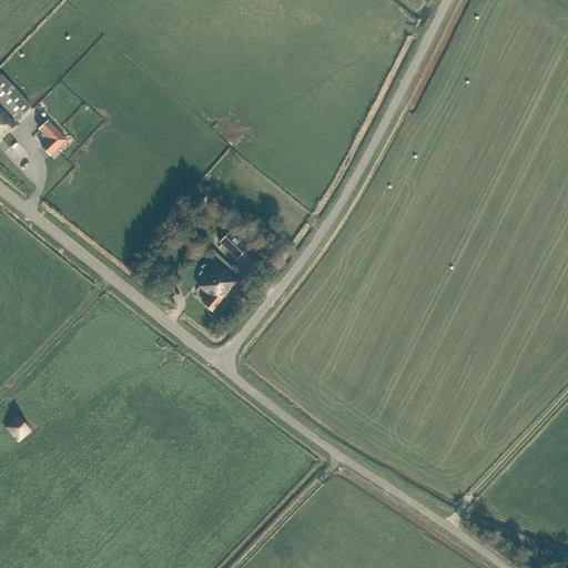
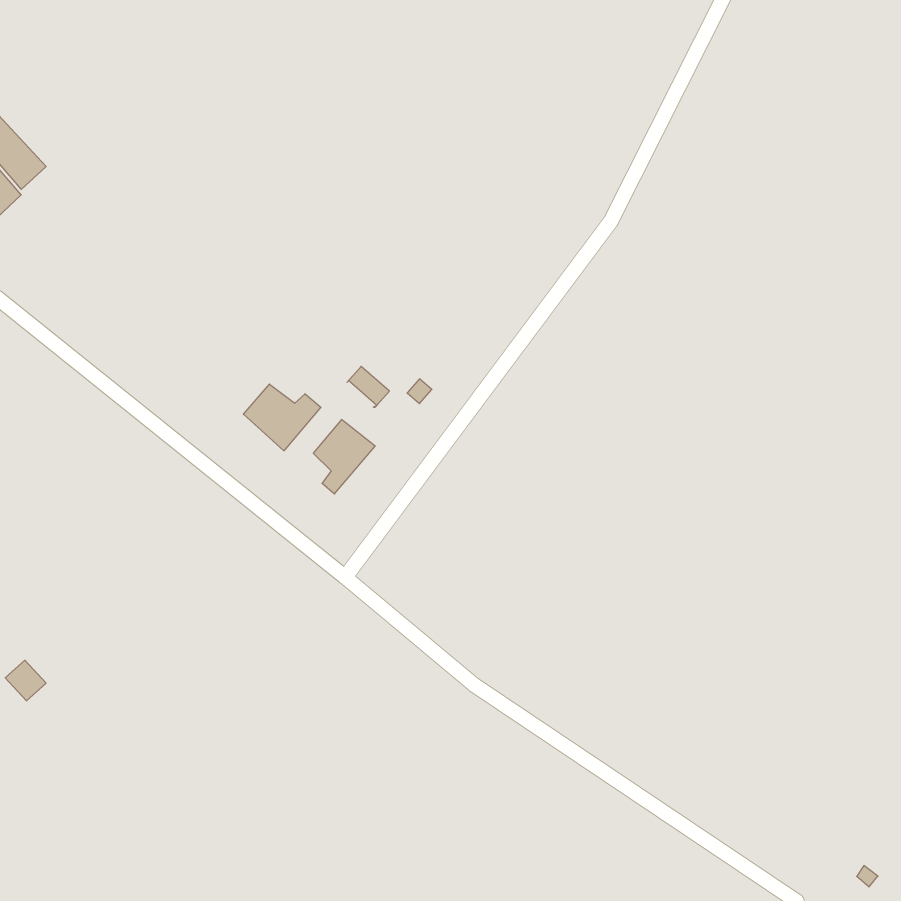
building: [37,119,64,154] -> none
building: none -> [243,384,321,451]

